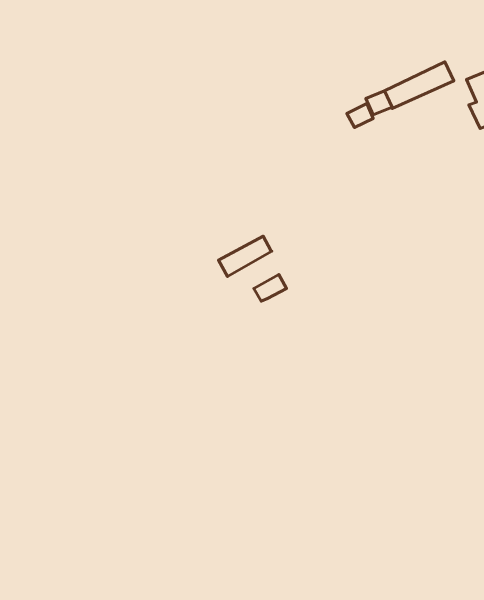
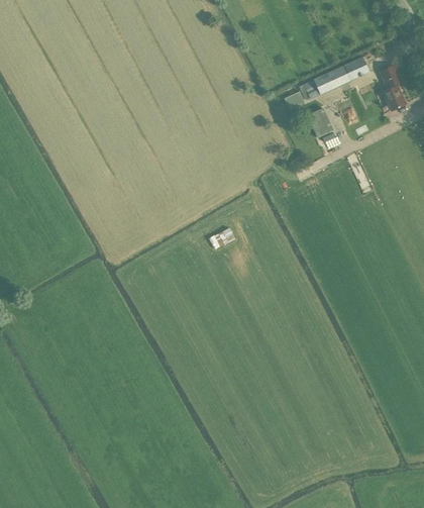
building: none -> [308,105,334,135]
building: [218,236,272,277] -> none

